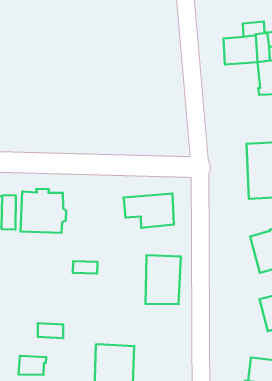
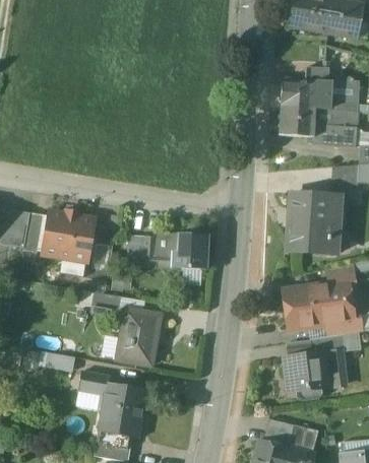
building: none -> [281,108,316,137]
building: none -> [142,237,172,267]
building: [145,255,181,304] -> [117,308,161,363]
building: [18,356,46,375] -> [78,372,110,395]

